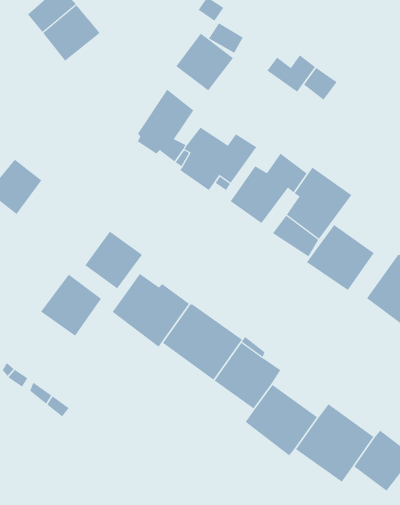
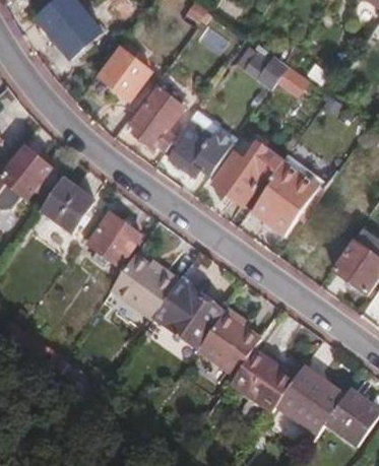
building: [175,33,234,91] -> [101,50,152,102]
building: [306,224,375,291] -> none
building: [40,274,102,337] -> [39,177,93,232]

